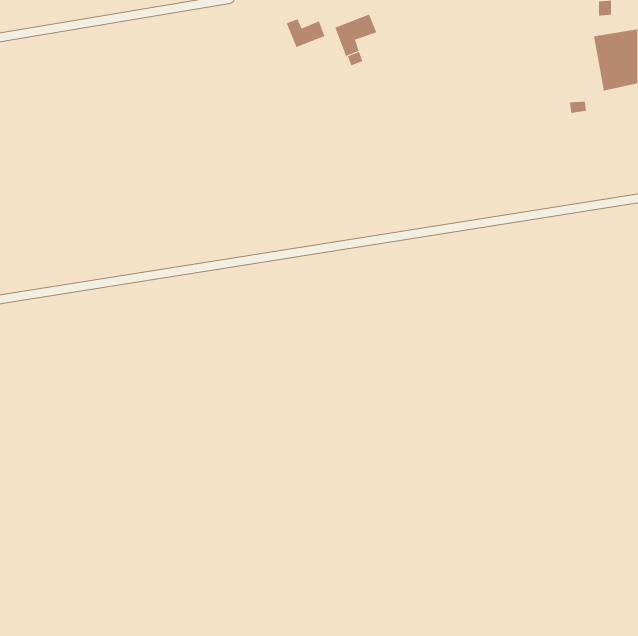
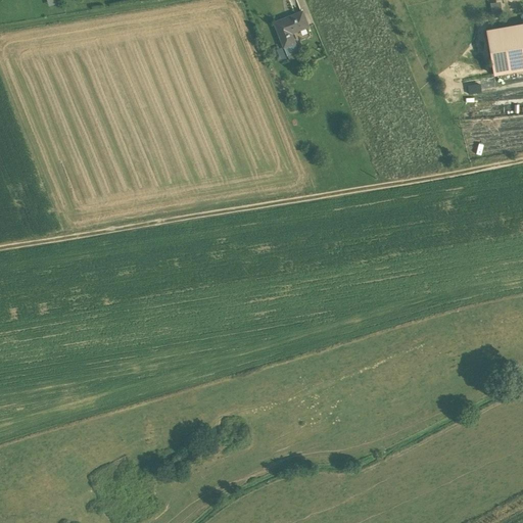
building: [286,19,325,48] -> none

